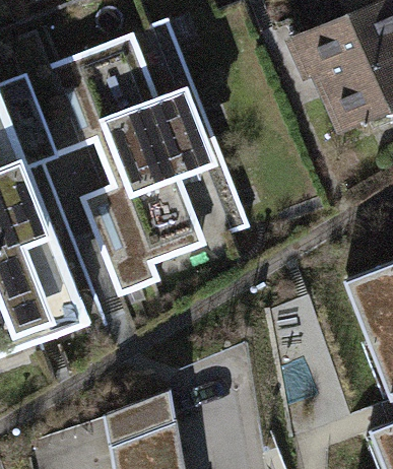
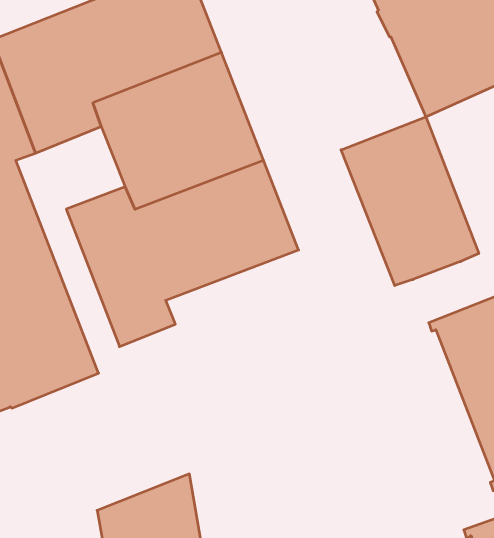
building: none -> [341,117,479,286]

